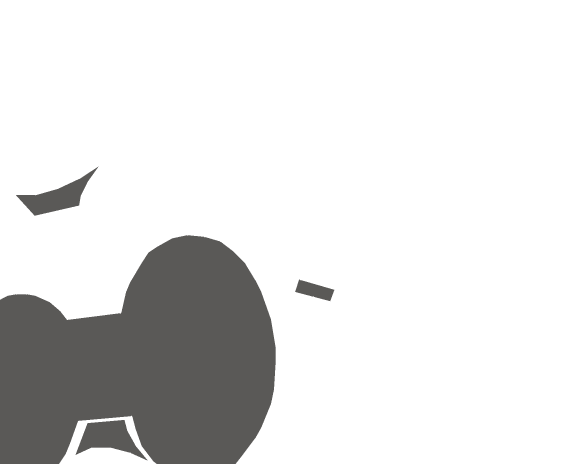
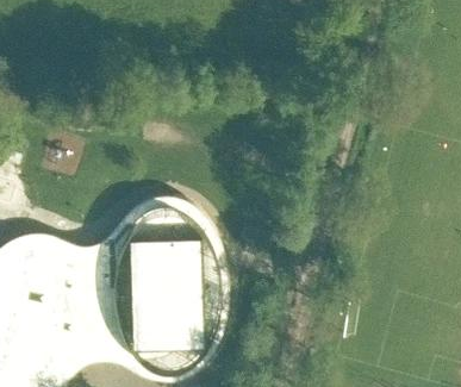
building: [14,163,102,217] -> none

